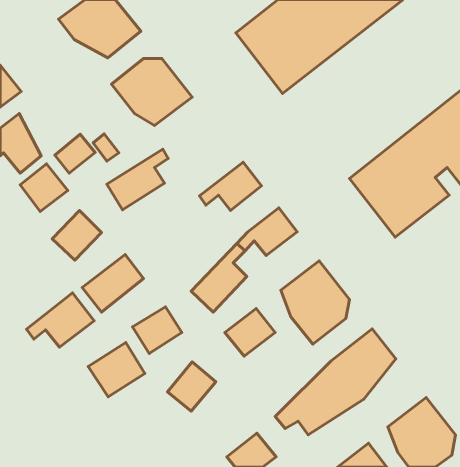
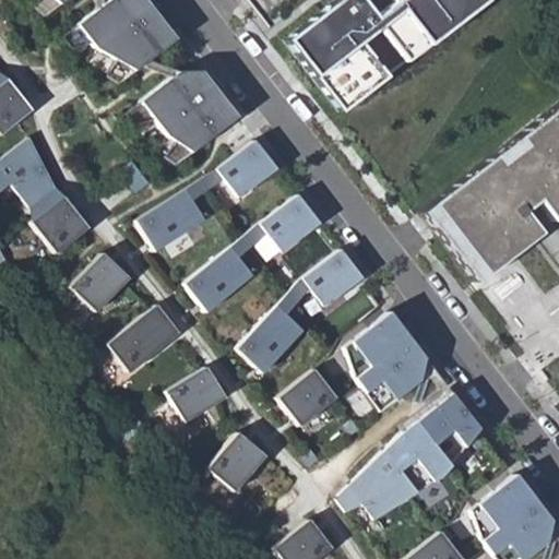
building: none -> [203,139,278,197]
building: [55,134,95,173] -> none
building: none -> [185,234,254,311]
building: [26,293,94,347] -> none
building: [88,343,145,397] -> none

